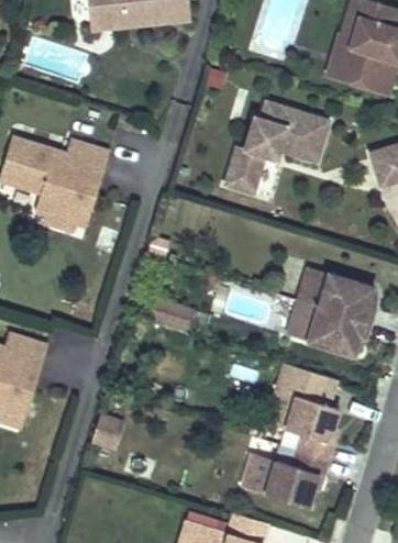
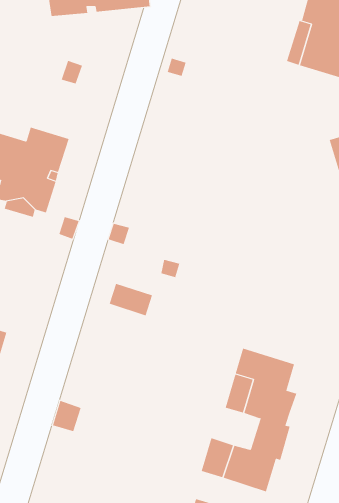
building: [225,100,330,192] -> none
building: [290,266,376,354] -> none

